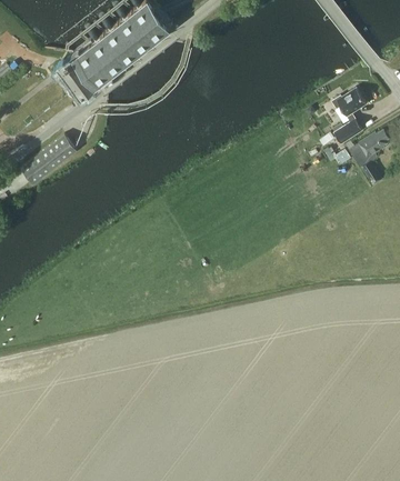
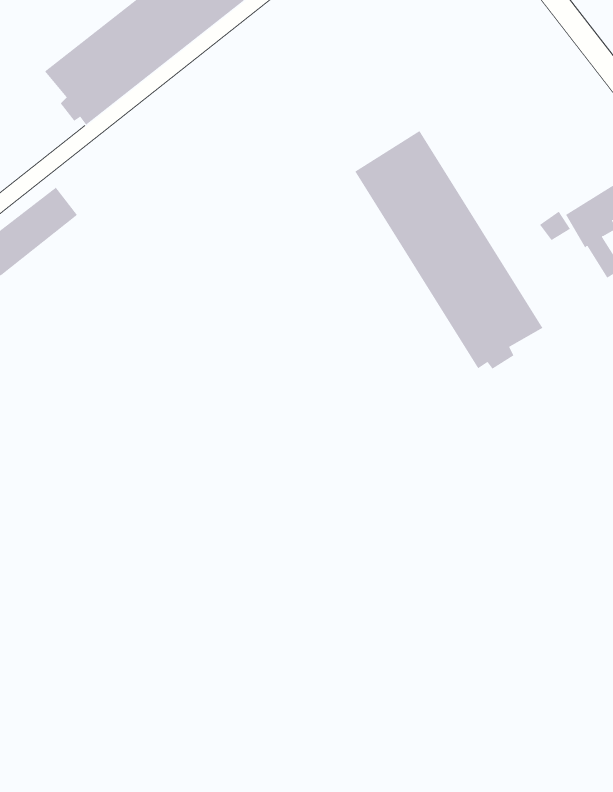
building: [331,88,367,143] -> none
building: none -> [355,130,543,370]

